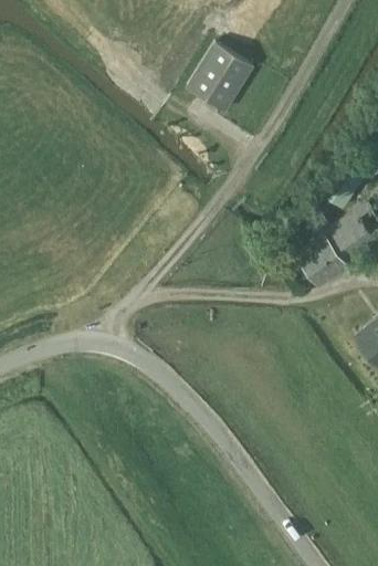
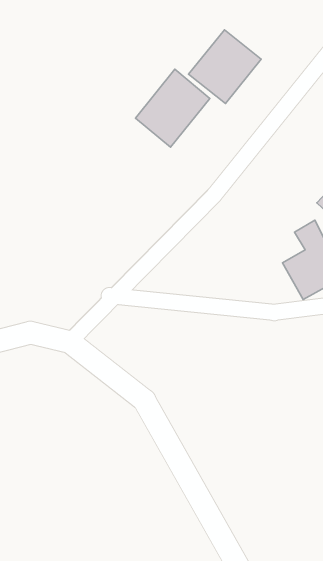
building: none -> [135,69,210,147]

